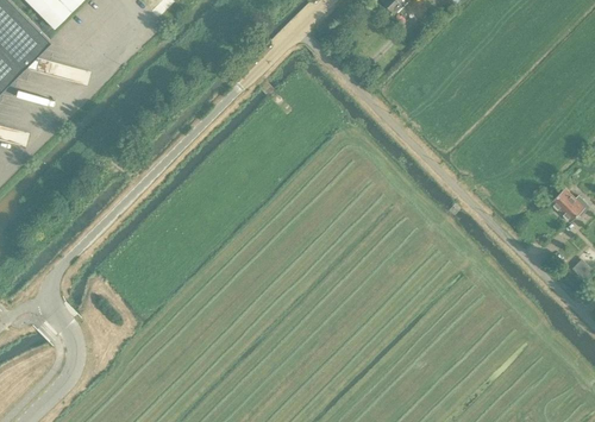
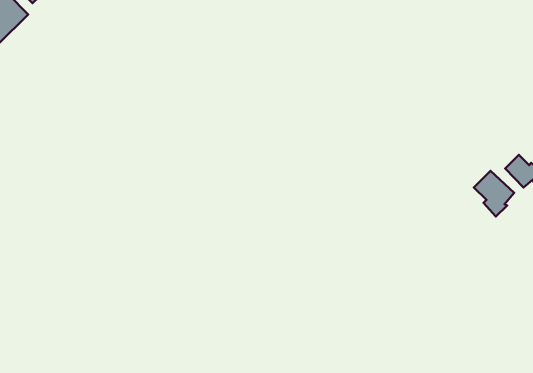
building: none -> [474,171,514,217]

